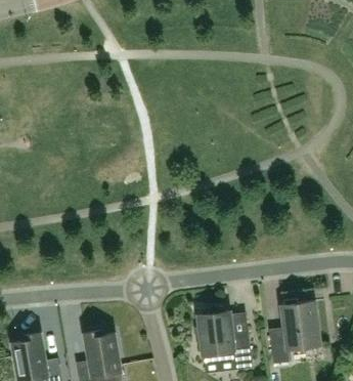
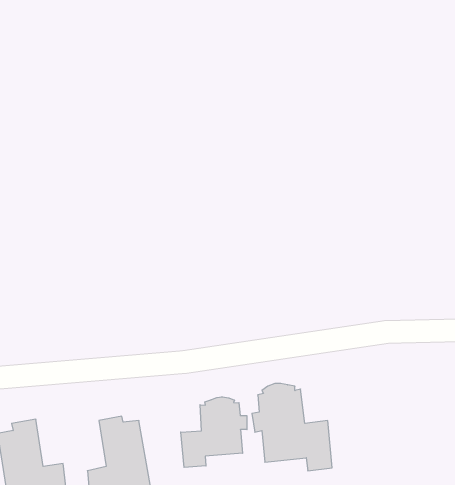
building: [269,297,319,363] -> none
building: none -> [181,397,247,467]

